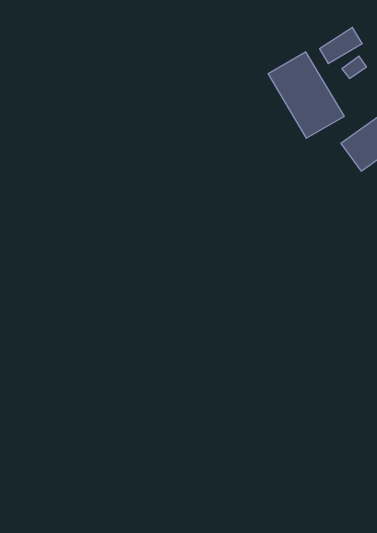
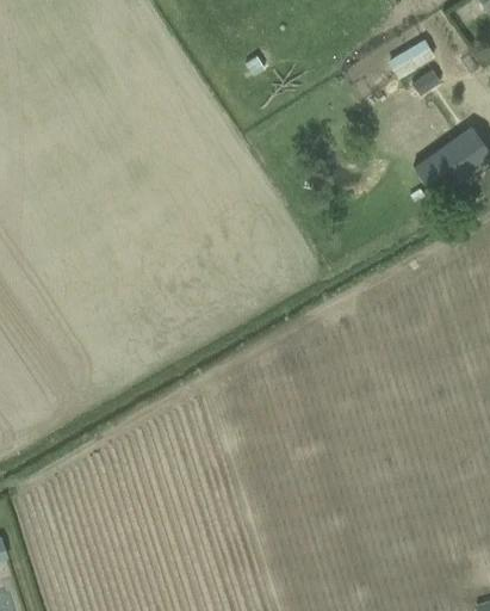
building: [268,52,344,138] -> none

